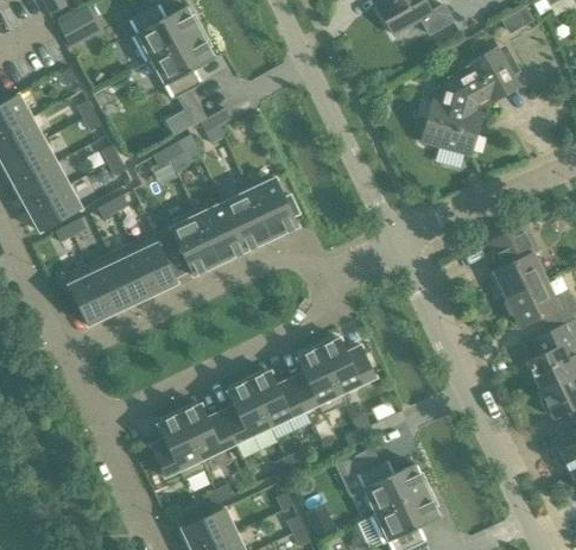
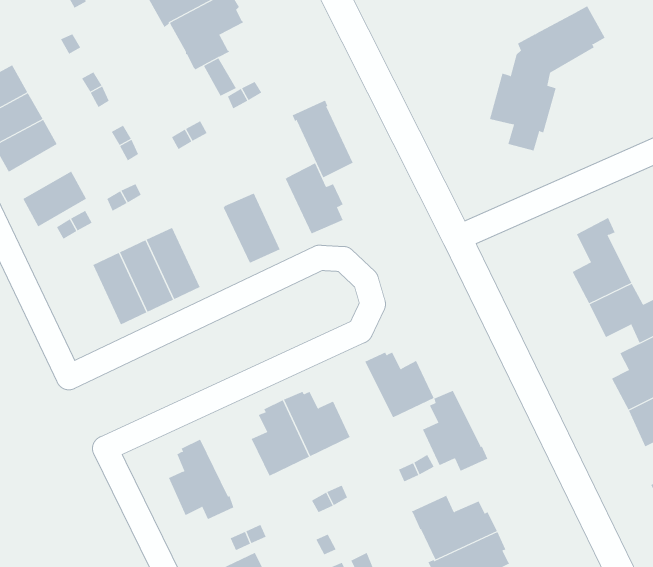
building: [15,163,69,209] -> none
building: [220,185,272,252] -> [292,100,354,178]
building: [167,210,220,277] -> none
building: [64,265,110,327] -> none
building: [291,347,347,416] -> [422,390,488,471]
building: [178,404,236,461] -> none

